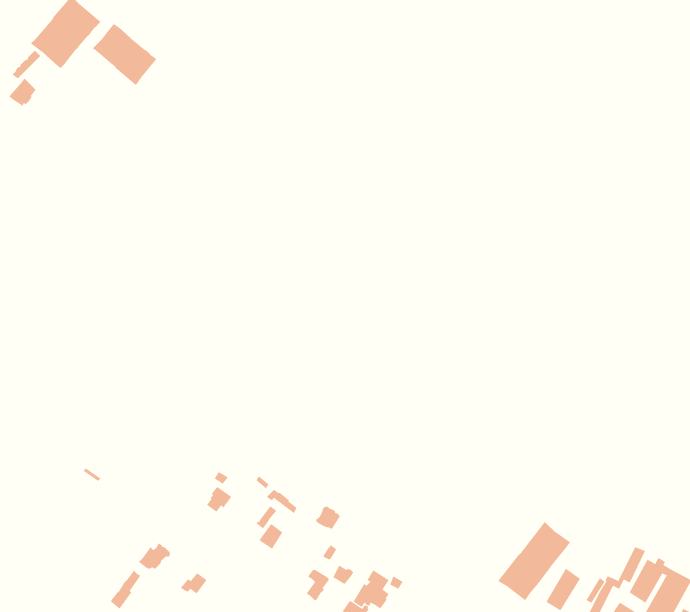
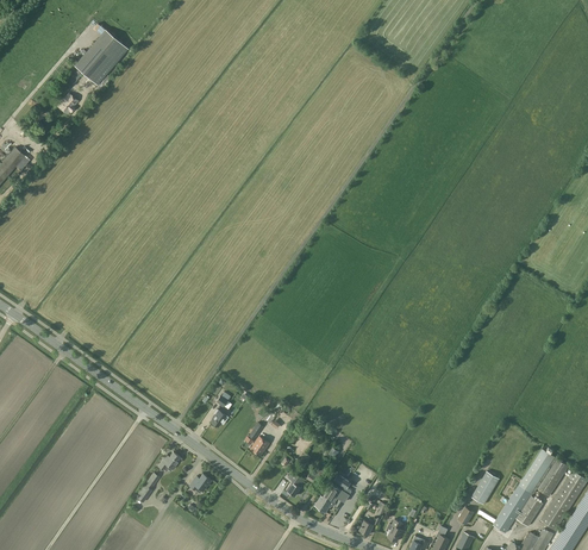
building: [92,24,157,85] -> none
building: [498,521,570,601] -> none

